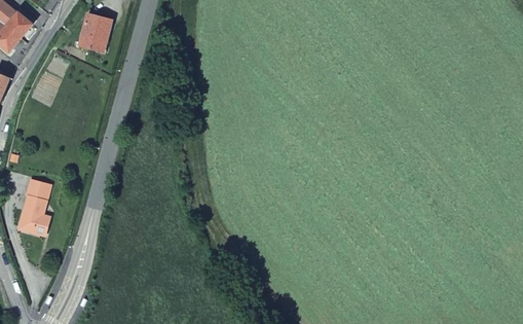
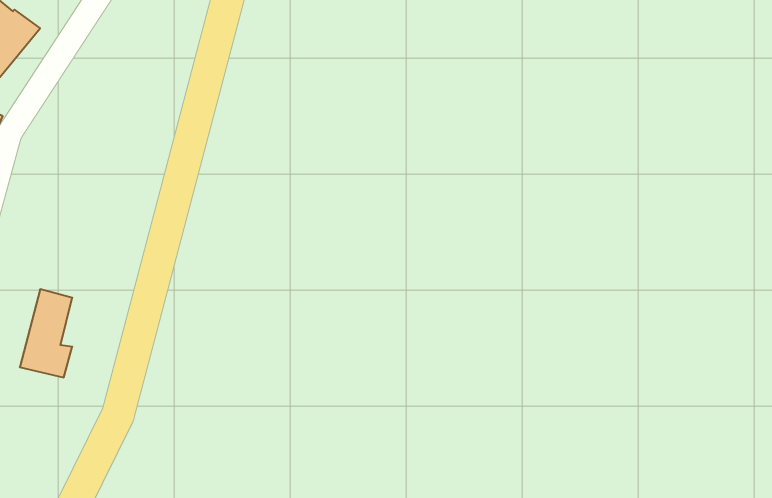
building: [76,13,108,49] -> none

